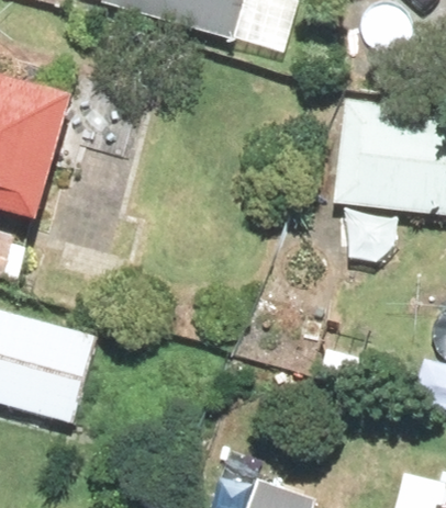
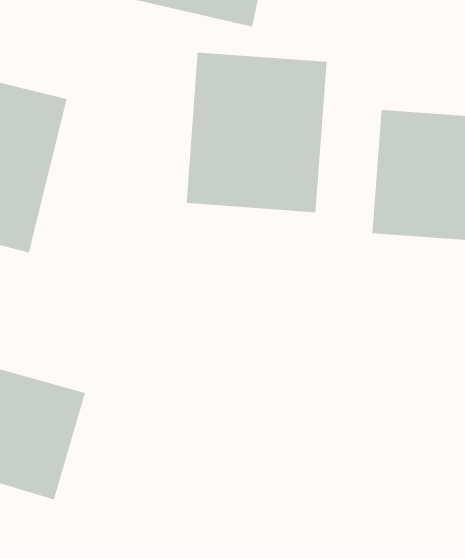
building: none -> [186,52,327,213]

